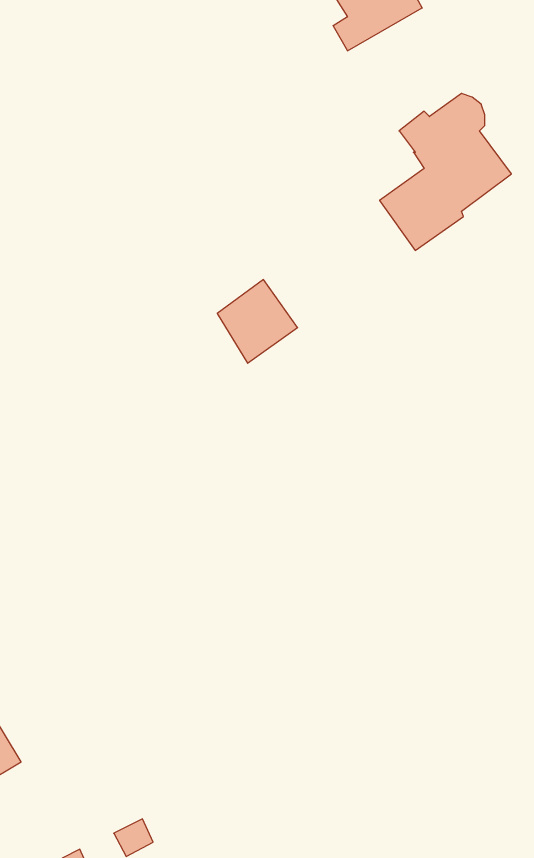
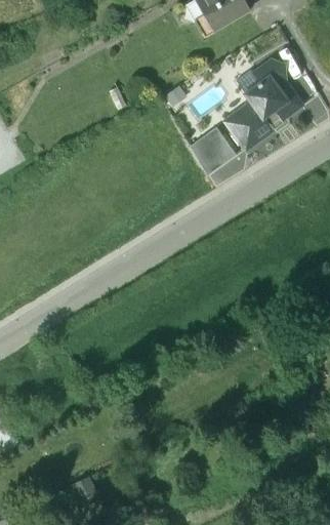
building: [217,280,298,363] -> [191,127,237,175]

